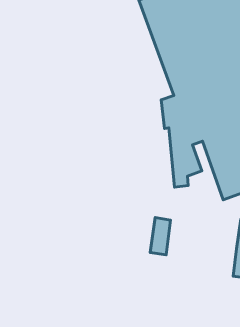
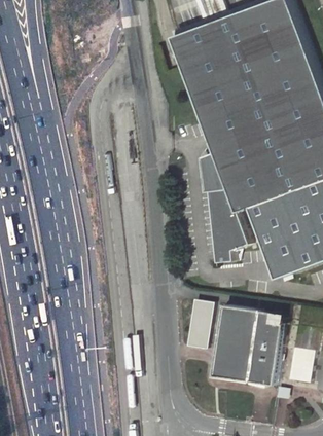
building: none -> [211,305,281,382]

